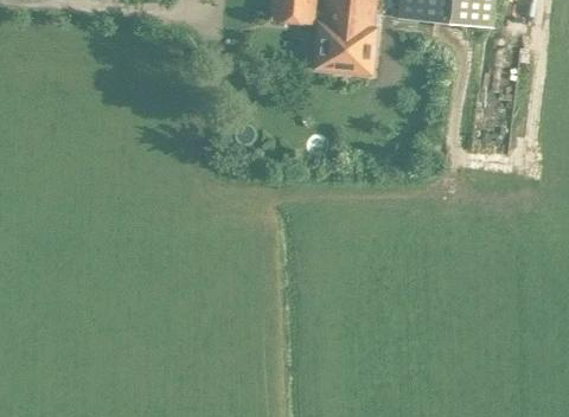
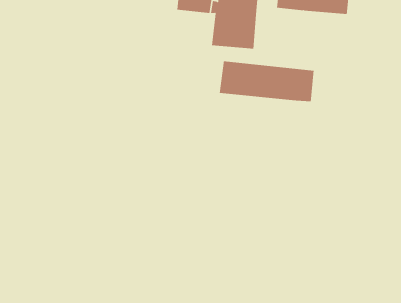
building: none -> [219,60,314,102]

